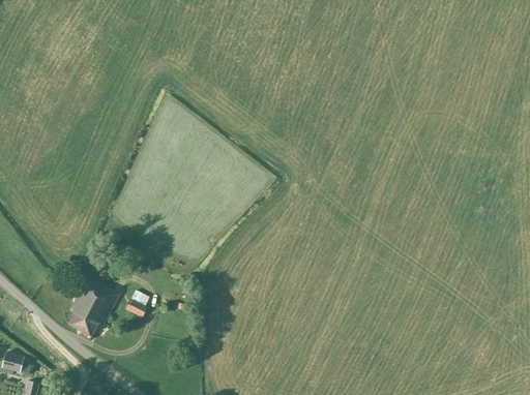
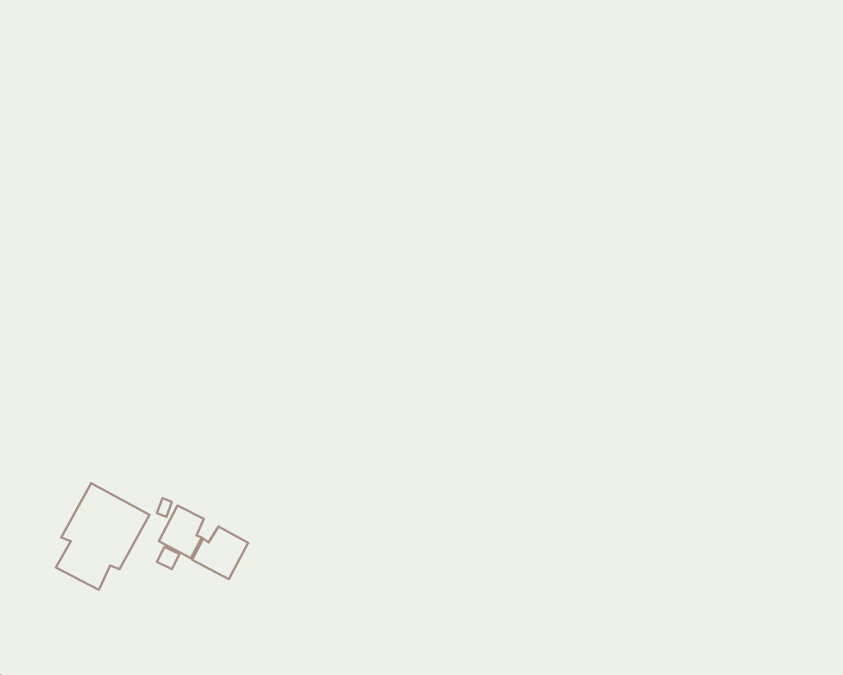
building: none -> [192,527,248,579]

